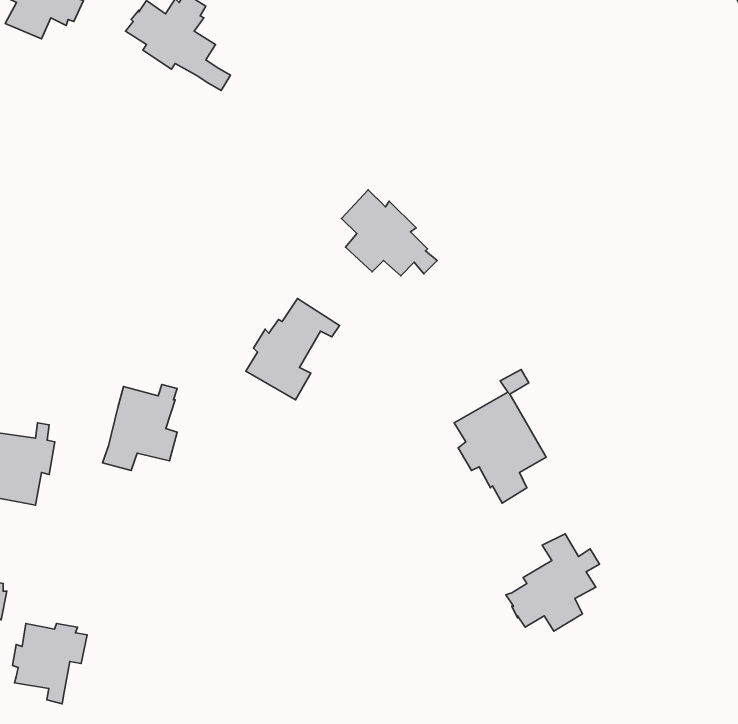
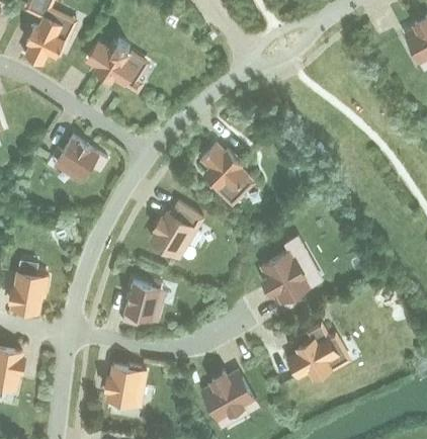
building: none -> [52,136,107,182]
building: [103,385,177,471] -> [121,280,161,326]
building: none -> [202,370,258,420]
building: [12,623,87,704] -> [106,366,146,409]

